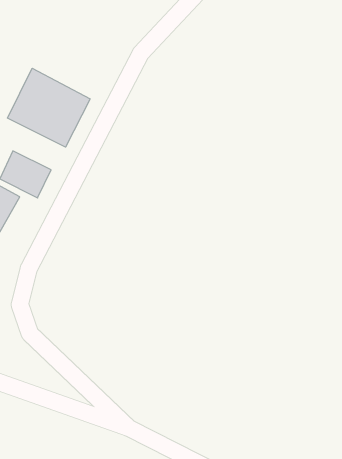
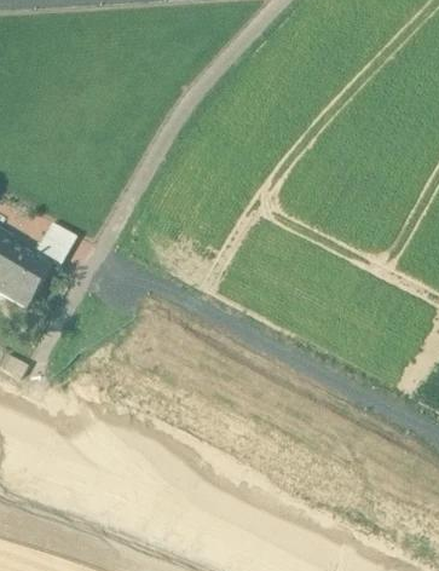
building: [7,68,90,147] -> none

